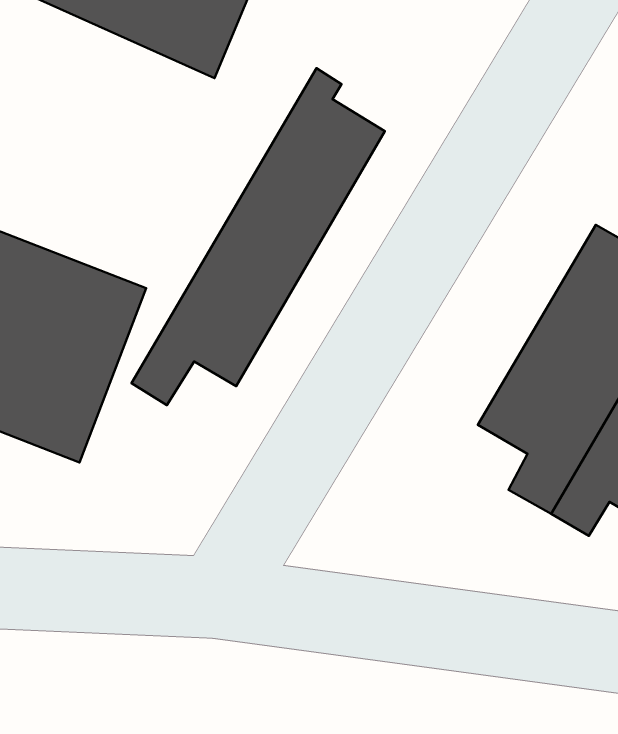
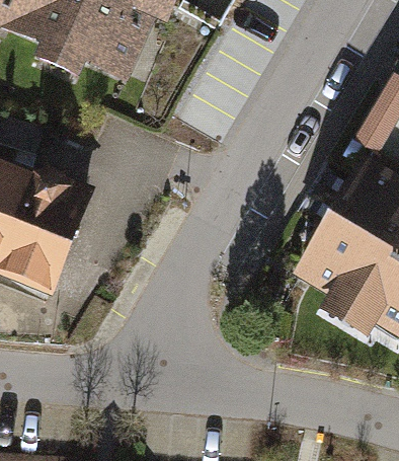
building: [132,68,385,405] -> none

